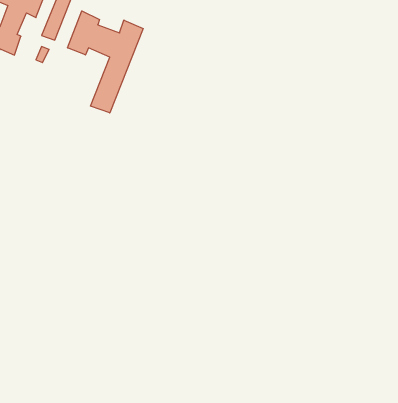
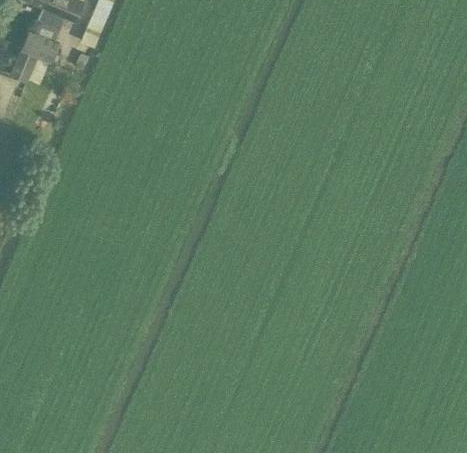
building: [68,11,143,113] -> none

